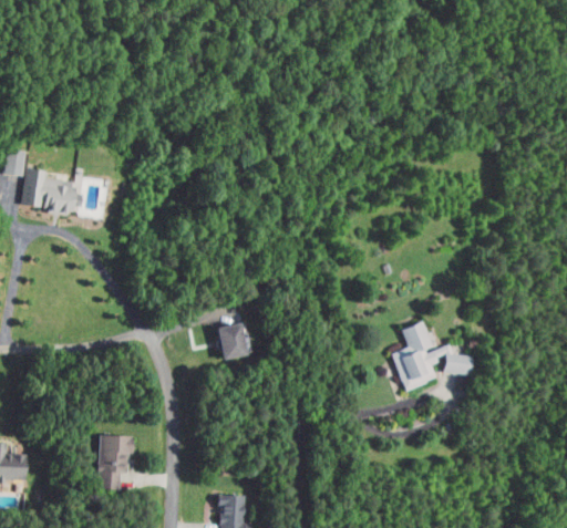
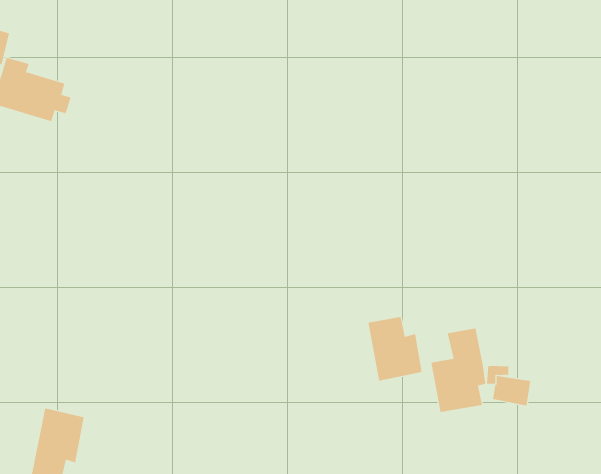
building: none -> [368,316,422,382]
building: [213,322,244,360] -> none

